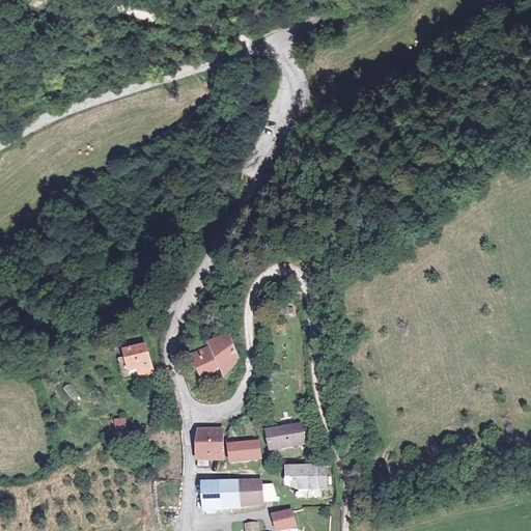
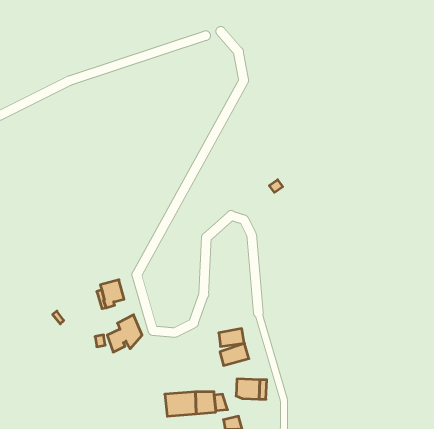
building: [189,331,231,376] -> [107,315,142,352]
building: [196,428,223,459] -> none
building: [230,438,261,459] -> [219,329,244,346]

